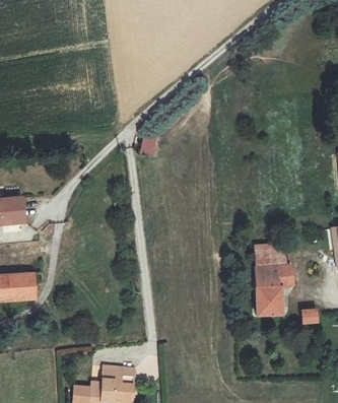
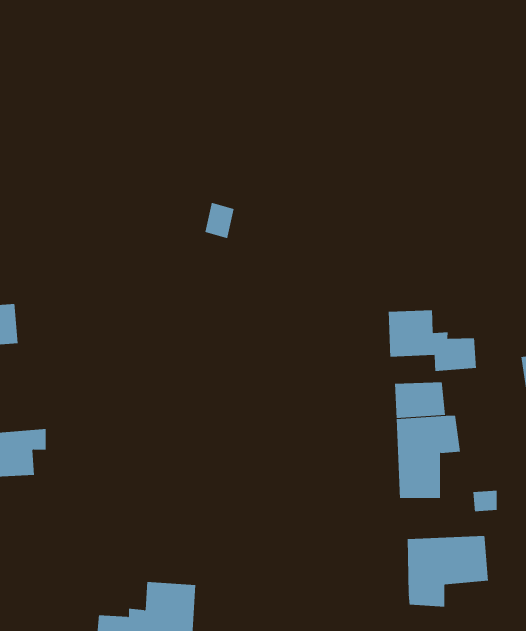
building: none -> [388,309,476,372]
building: none -> [407,535,488,607]

